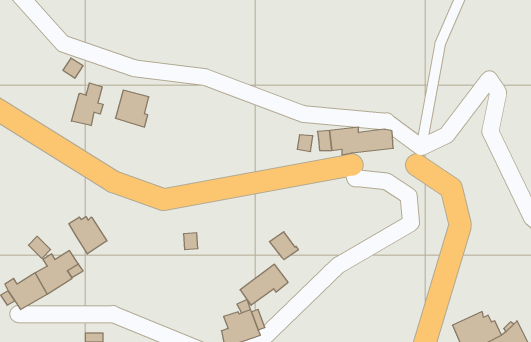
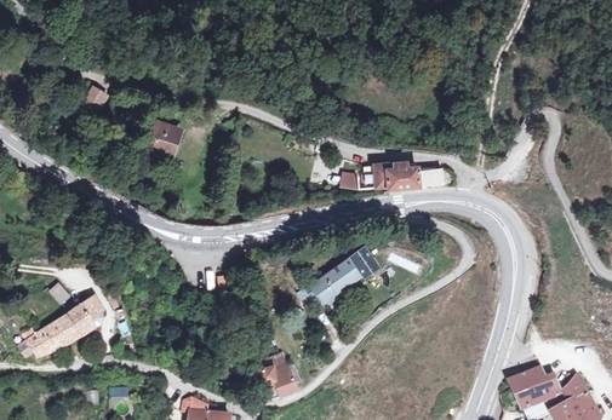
building: [71,83,103,126] -> none
building: [69,217,107,254] -> none
building: [240,264,288,305] -> [325,247,377,292]

